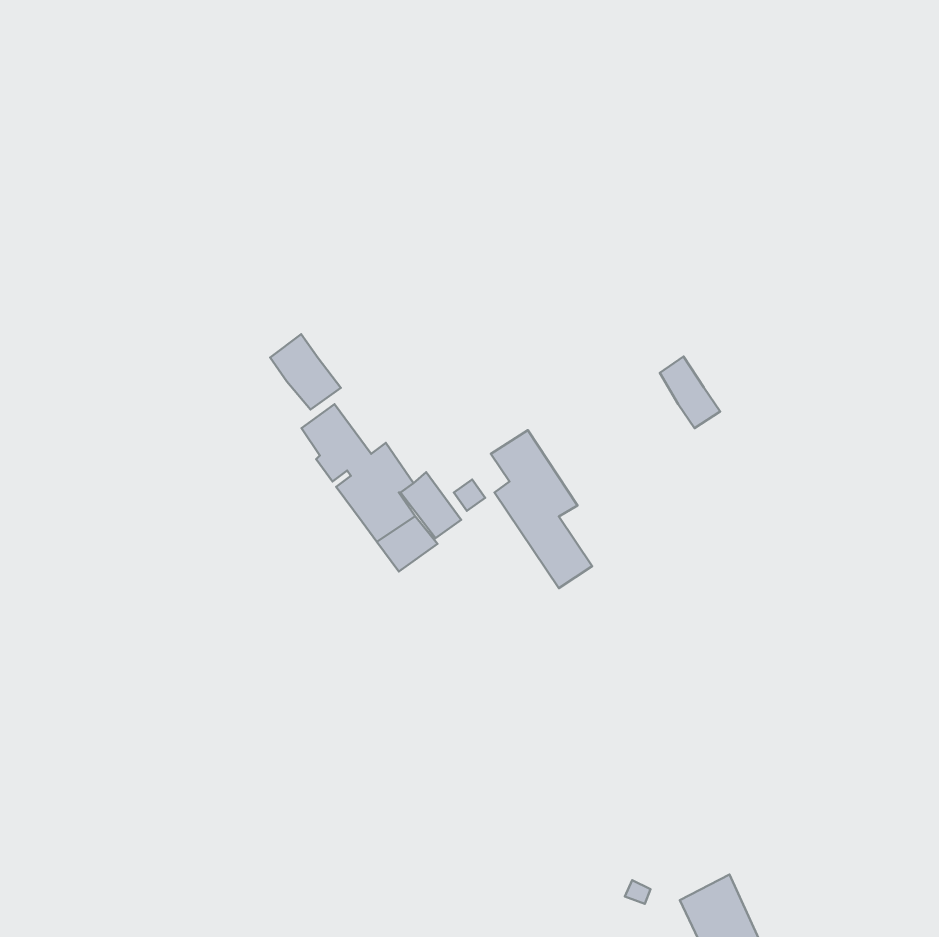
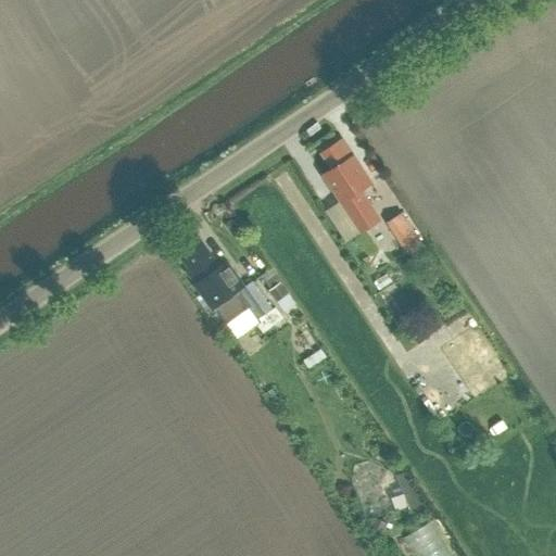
building: [270,334,341,409] -> none
building: [491,430,592,588] -> [320,140,380,233]

